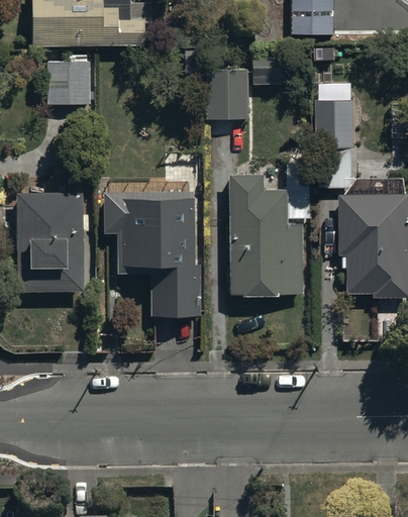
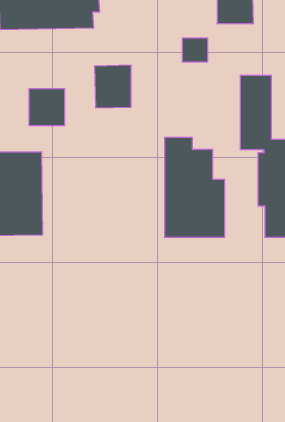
building: [47,63,90,106] -> [29,89,65,125]
building: [204,69,247,119] -> [95,65,131,108]
building: [100,188,198,324] -> none

